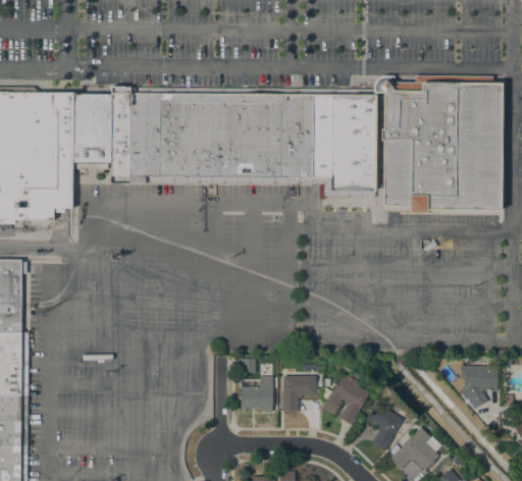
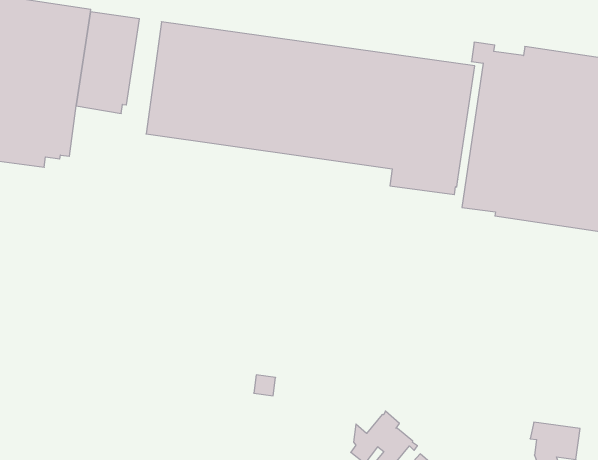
building: [110,94,128,182] -> none
building: [281,375,315,412] -> none
building: [240,376,272,411] -> none

